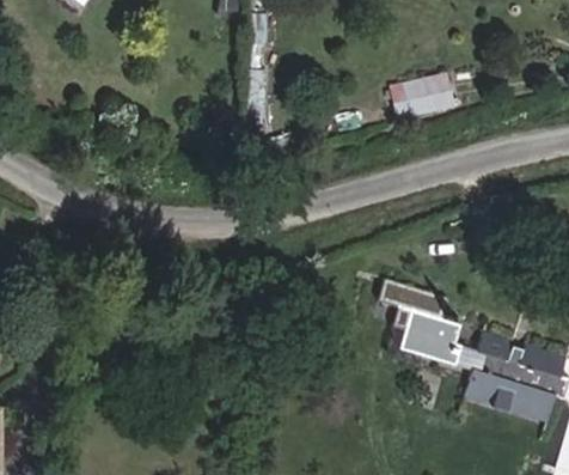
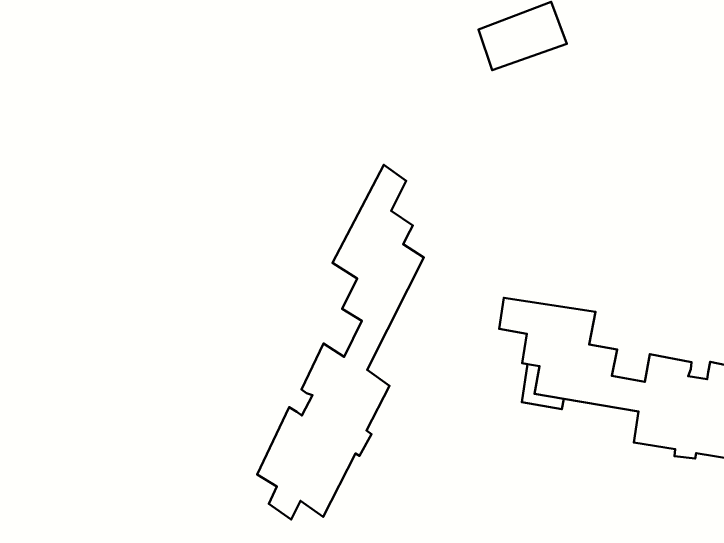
building: none -> [257,165,424,520]

